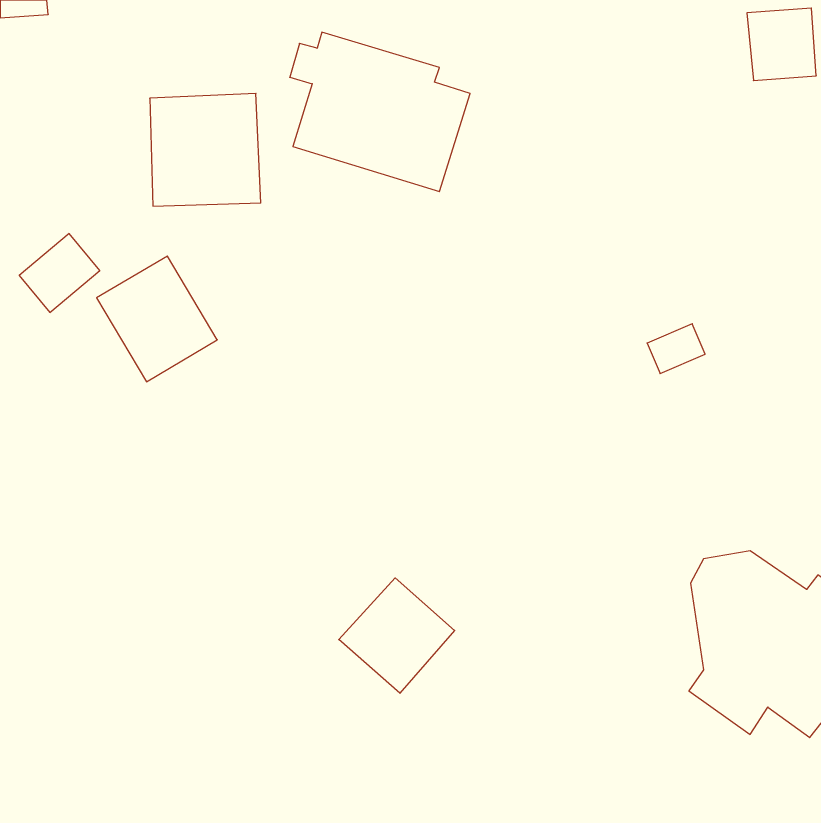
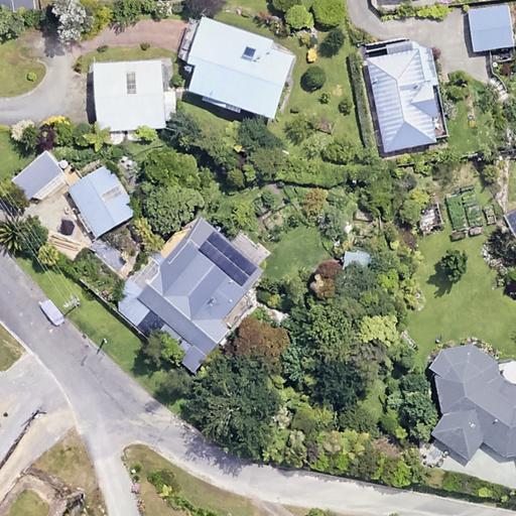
building: none -> [366,46,438,151]
building: none -> [122,218,265,358]
building: [339,578,455,693] -> none

